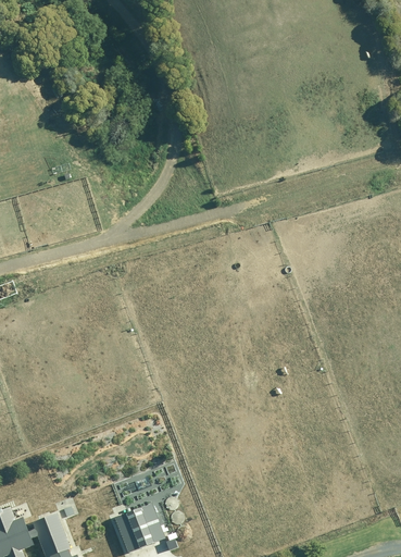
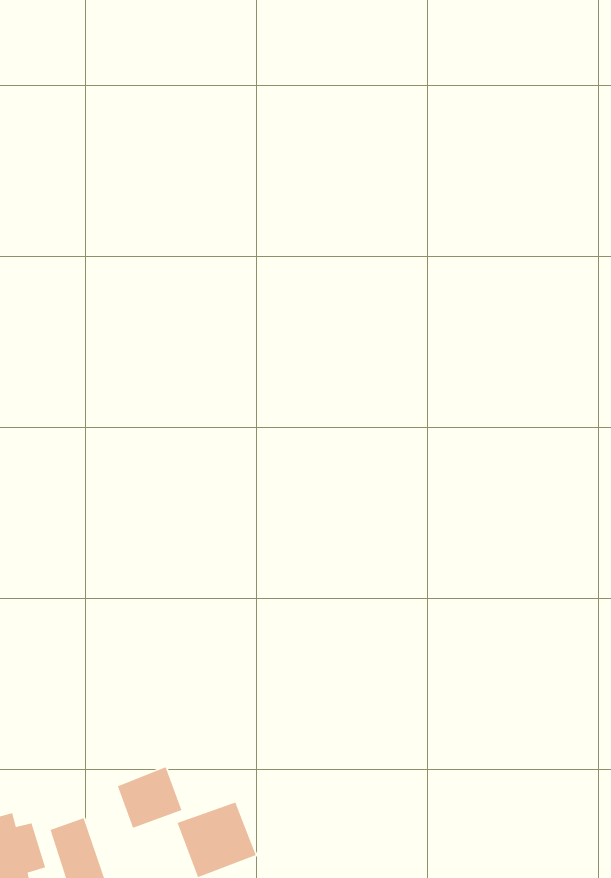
building: none -> [117,766,183,829]

